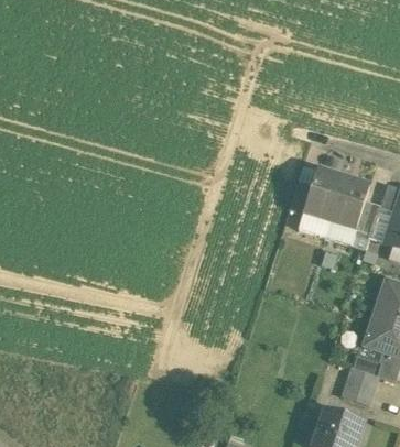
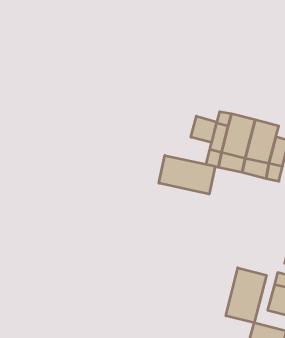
building: none -> [191,116,216,143]
building: none -> [159,155,215,194]
building: none -> [226,268,266,323]

